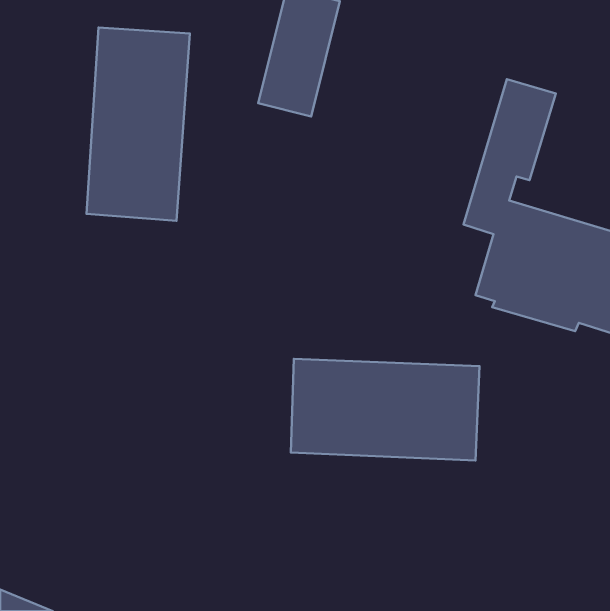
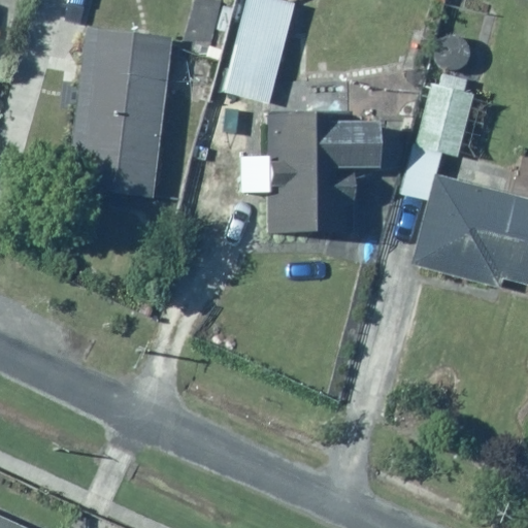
building: none -> [245,128,378,238]
building: [291,359,479,461] -> none

